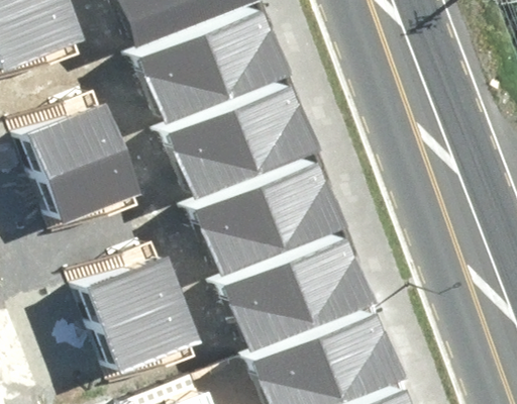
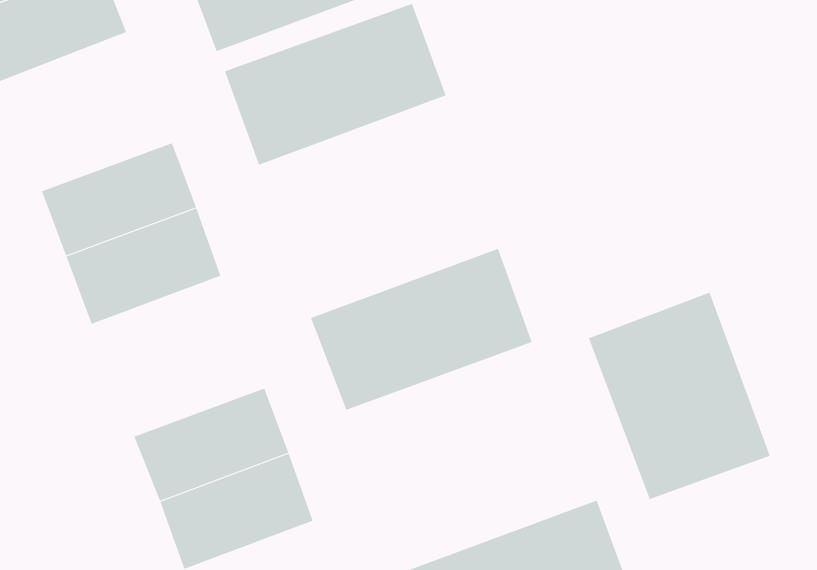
building: [169,93,308,194] -> none
building: none -> [588,292,770,500]
building: [225,246,364,347] -> none

